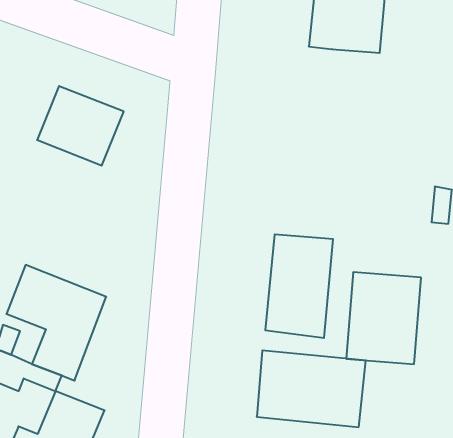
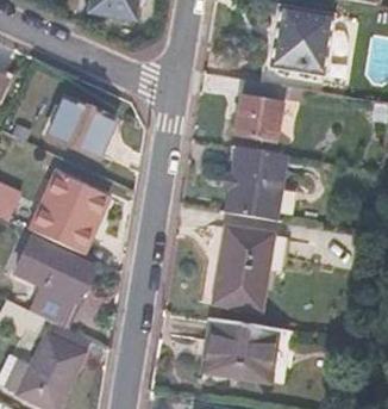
building: none -> [234,79,284,141]
building: none -> [31,175,107,247]
building: [346,272,421,364] -> [227,144,290,219]

